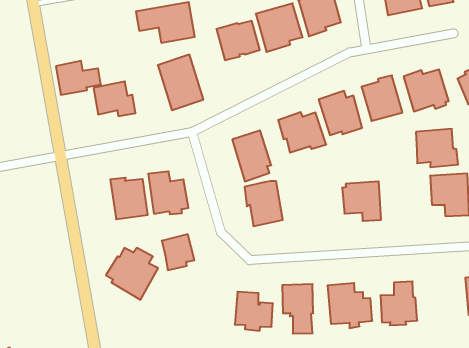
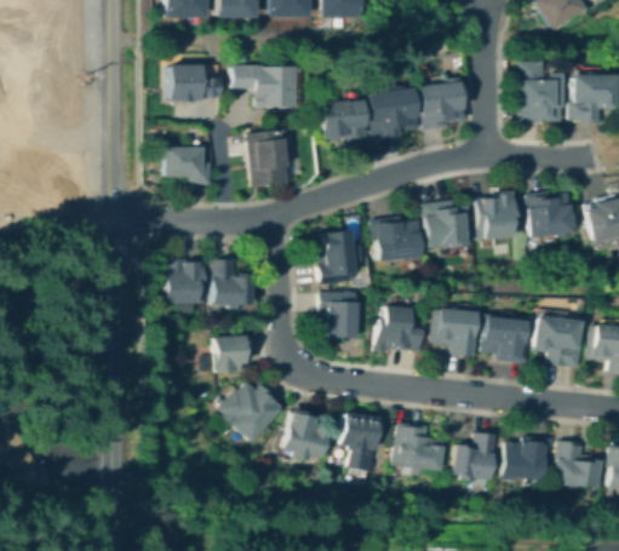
building: [56,61,101,95] -> [168,65,217,101]
building: [416,129,458,167] -> [481,316,529,362]
building: none -> [376,305,423,352]
building: [106,248,158,300] -> [220,380,282,443]
building: none -> [501,434,549,480]

